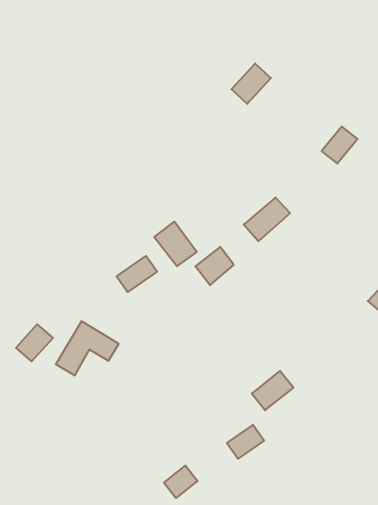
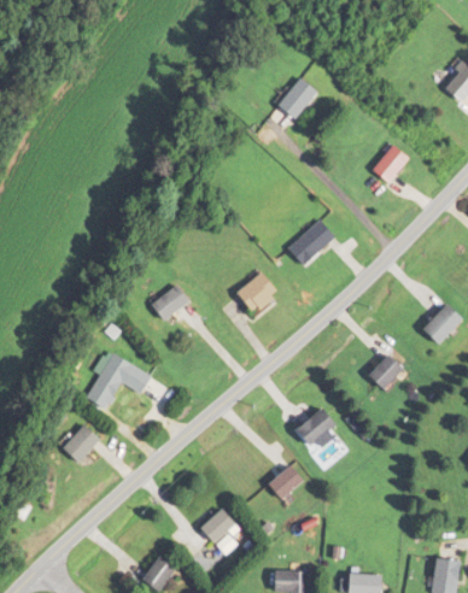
building: [154,222,197,266] -> none
building: none -> [365,356,403,392]
building: [16,324,53,361] -> [59,425,99,465]

